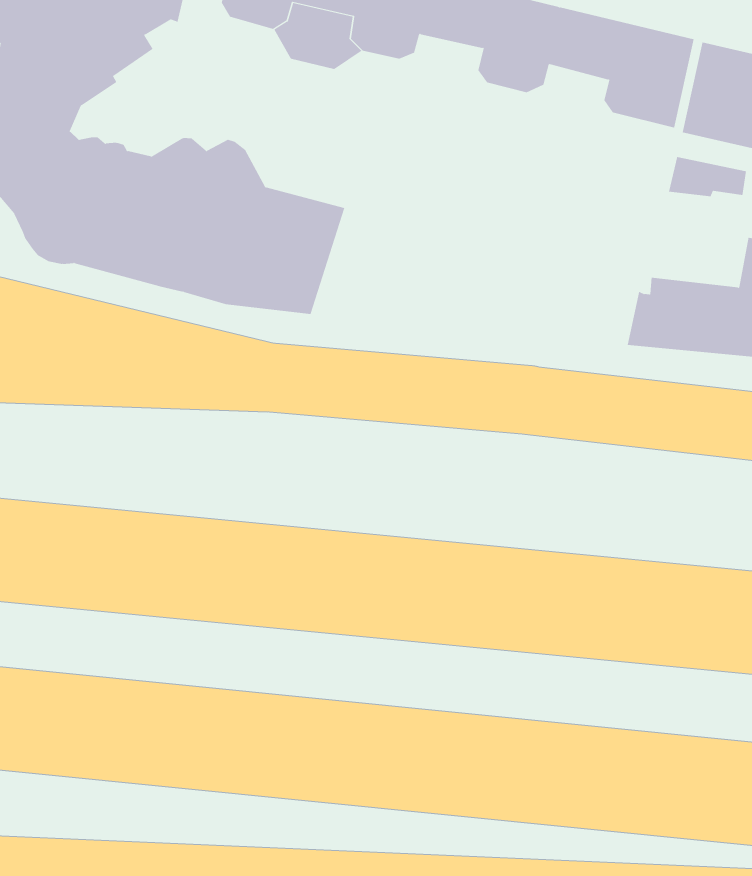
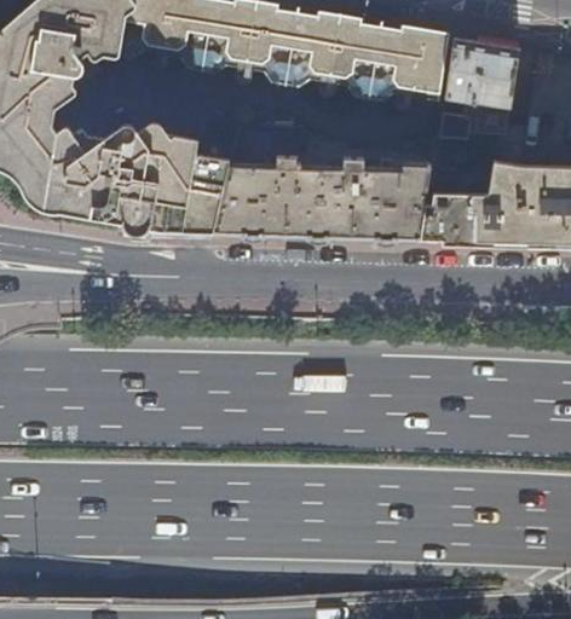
building: none -> [263,48,319,89]
building: none -> [346,62,402,104]
building: none -> [218,125,433,238]

